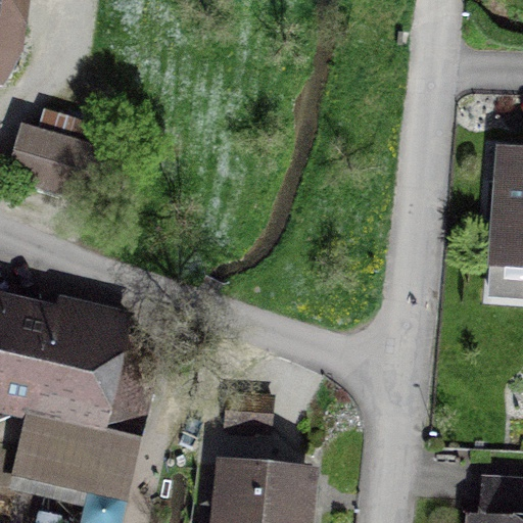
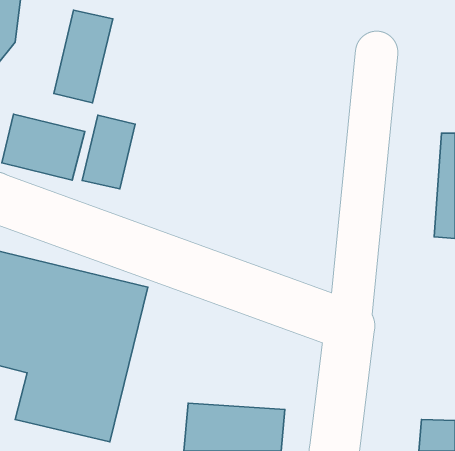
building: none -> [54,10,113,103]
building: none -> [82,115,135,189]

